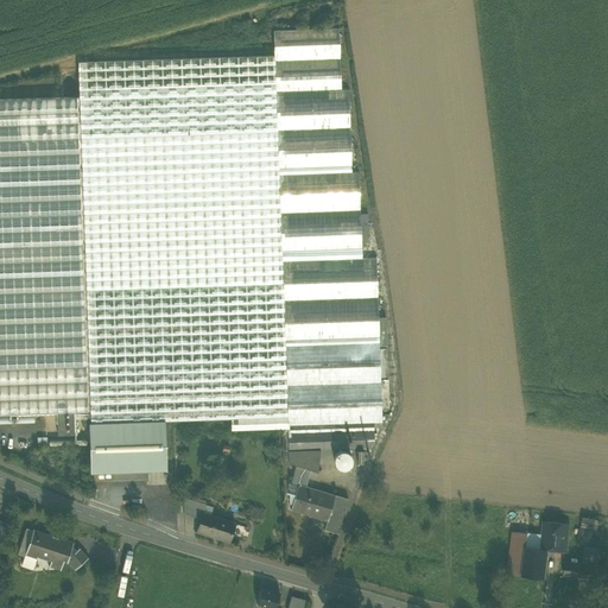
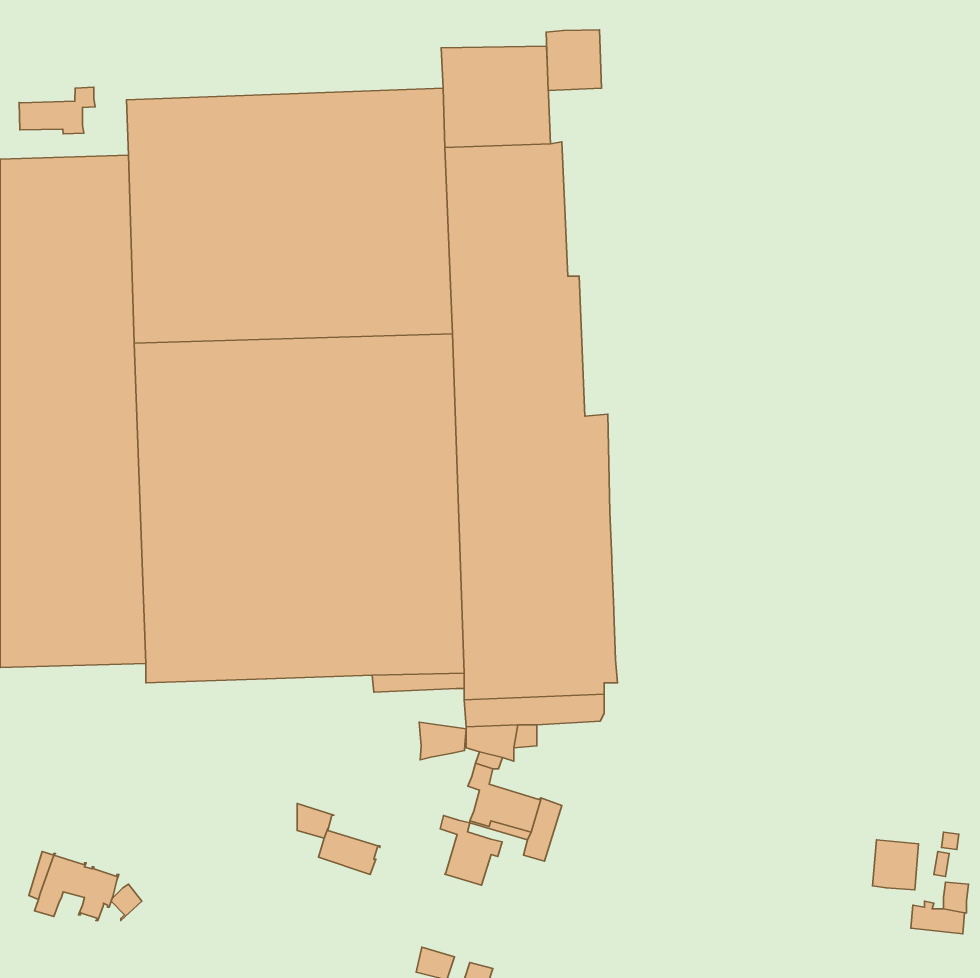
building: none -> [546,30,602,90]
building: none -> [19,87,95,134]
building: [90,422,166,471] -> none
building: none -> [419,722,466,760]
building: none -> [440,815,502,885]
building: [507,532,549,580] -> none

